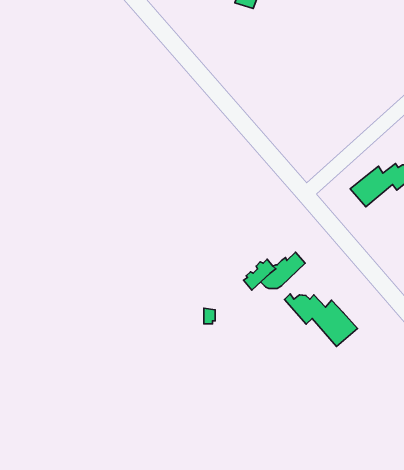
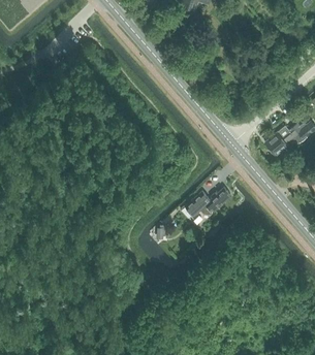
building: [284,294,357,347] -> none

